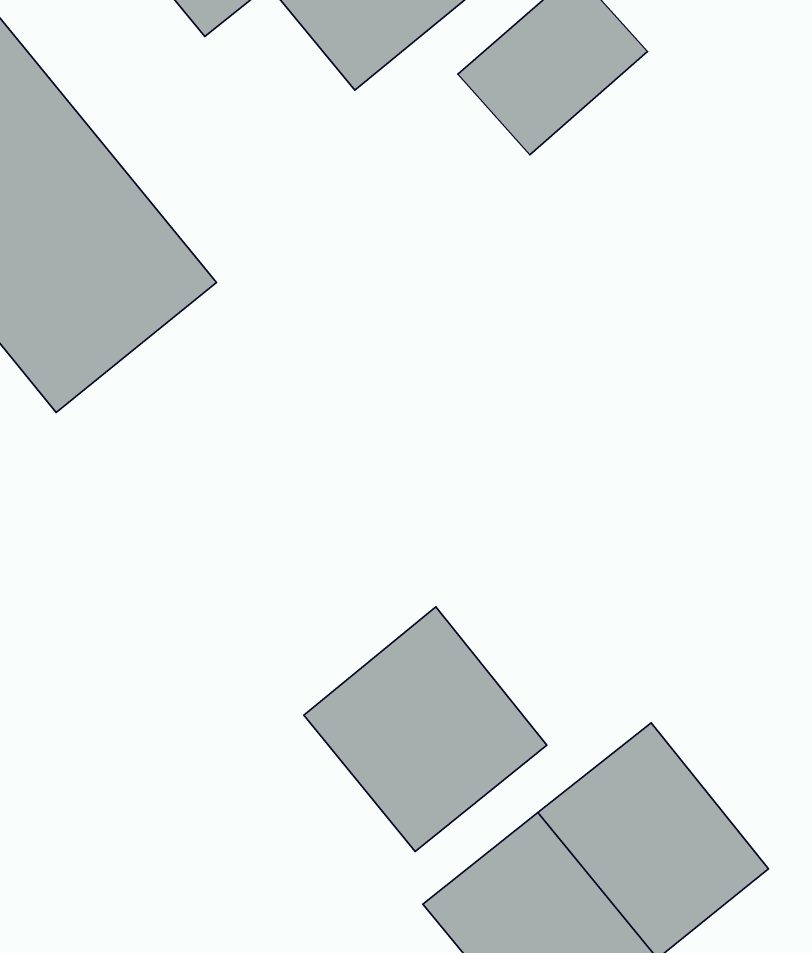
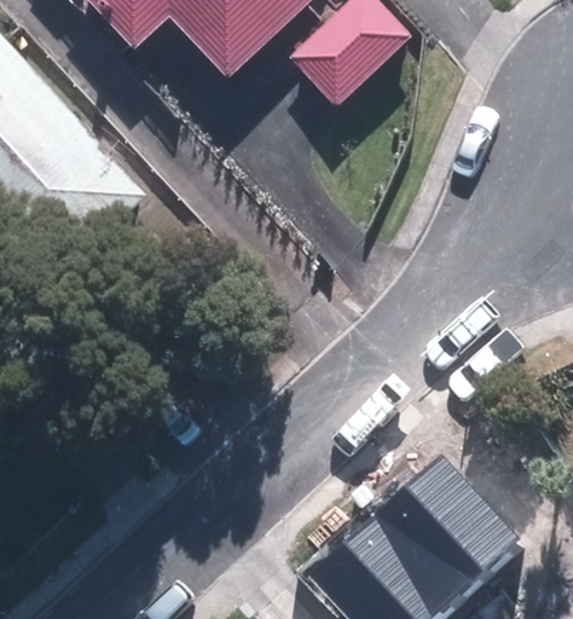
building: [304,607,547,852] -> none

